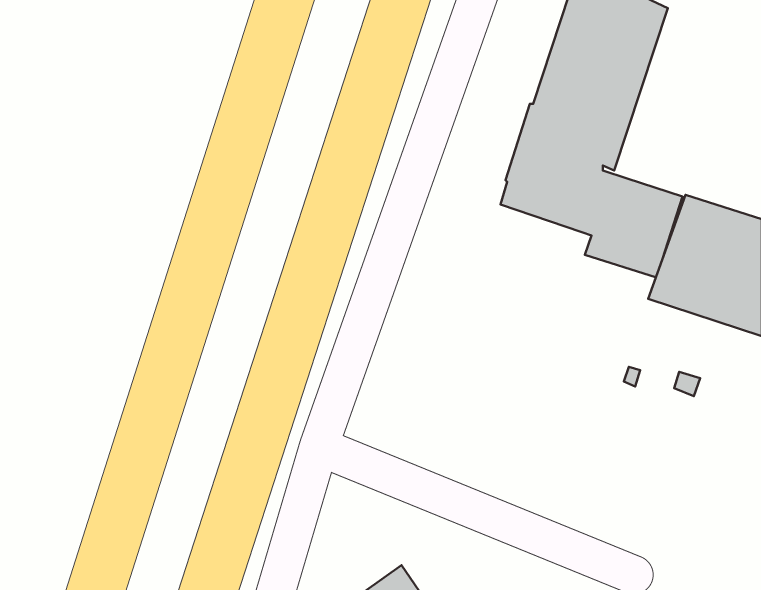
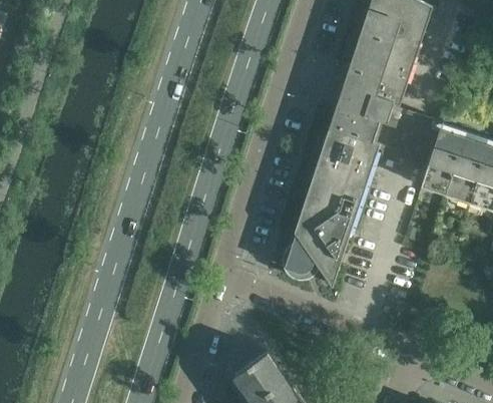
building: none -> [283,128,379,287]

